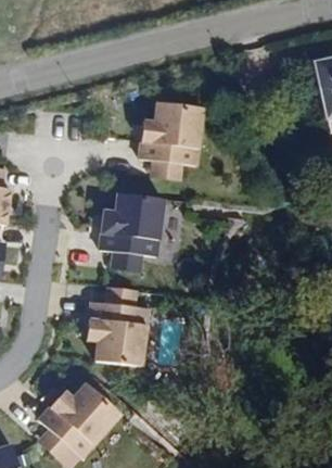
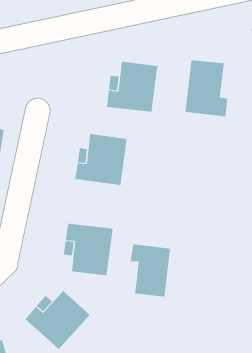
building: none -> [185,59,228,117]
building: none -> [130,243,170,297]

